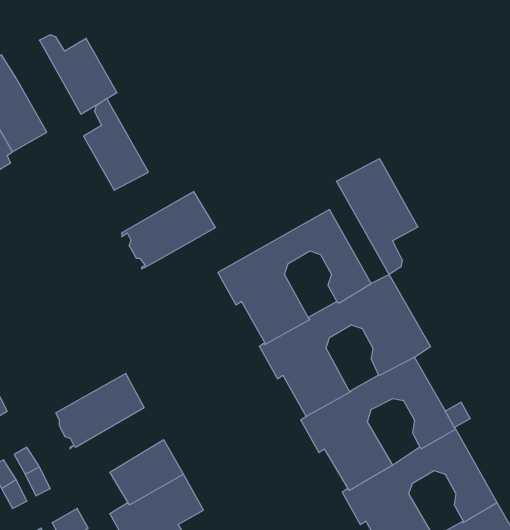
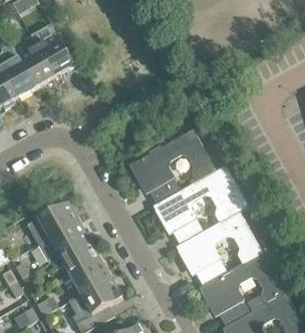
building: [84,98,148,190] -> [18,34,54,85]
building: [336,159,418,274] -> none
building: [122,192,216,269] -> [27,200,79,243]
building: none -> [51,239,100,275]

